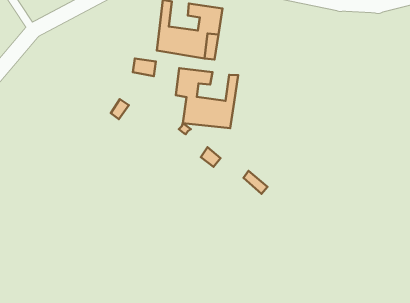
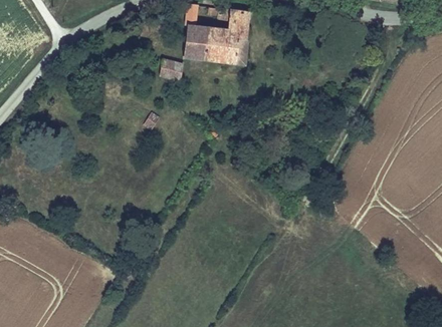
building: [176,68,238,128] -> none

